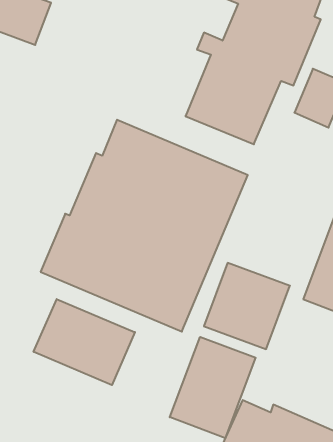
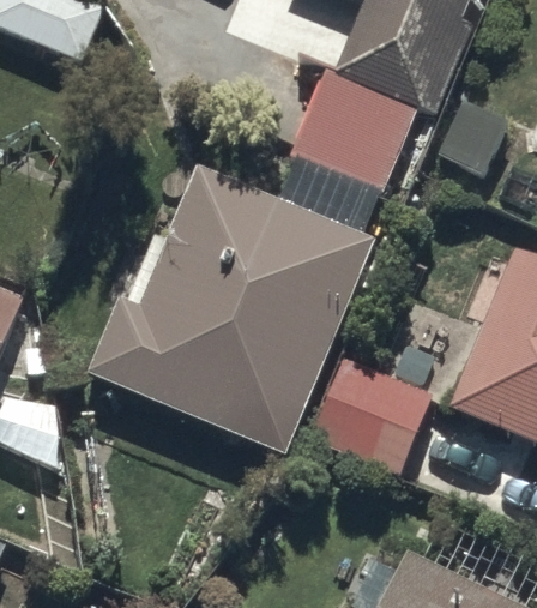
building: [34,299,135,385] -> none
building: [170,337,256,438] -> none

